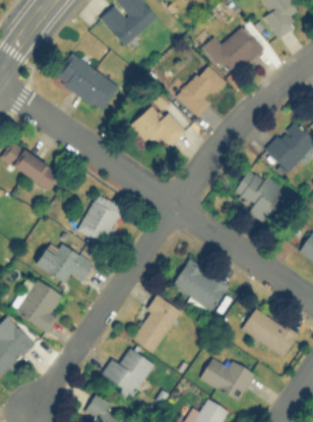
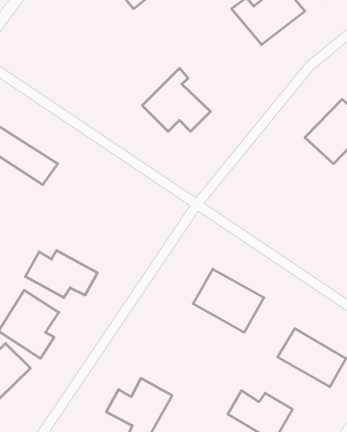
building: [54,53,120,113] -> none
building: [175,64,228,116] -> none
building: [232,168,286,220] -> none
building: [79,195,122,243] -> none
building: [131,296,180,353] -> none

